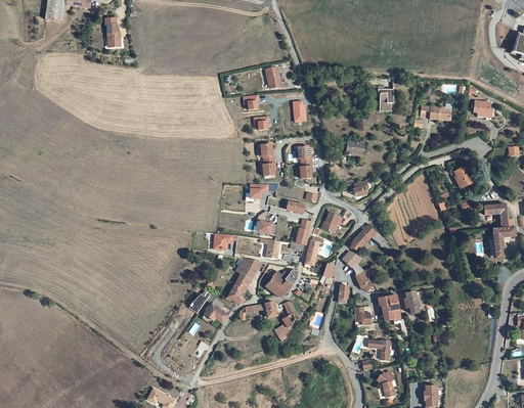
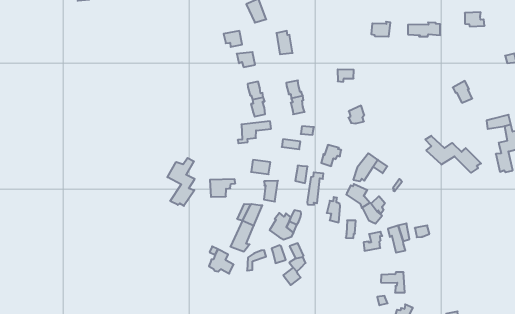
building: none -> [167,158,195,206]
building: none -> [425,136,481,173]

